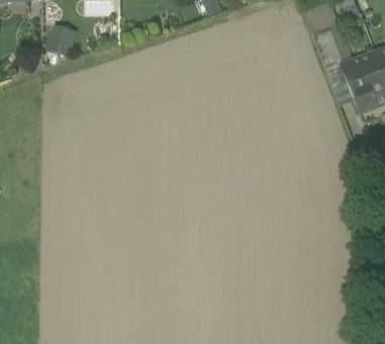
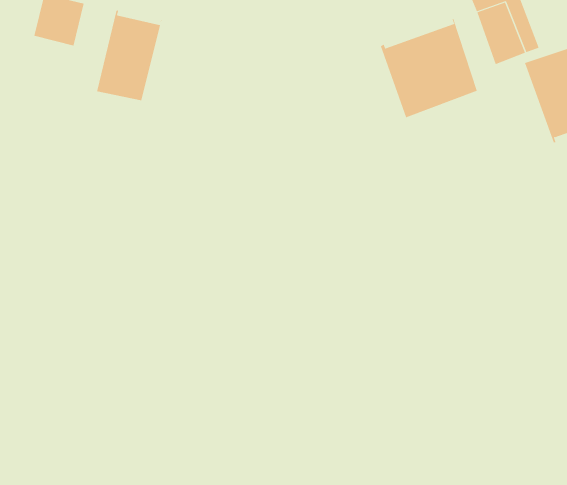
building: none -> [96,9,162,101]
building: none -> [380,18,477,118]

